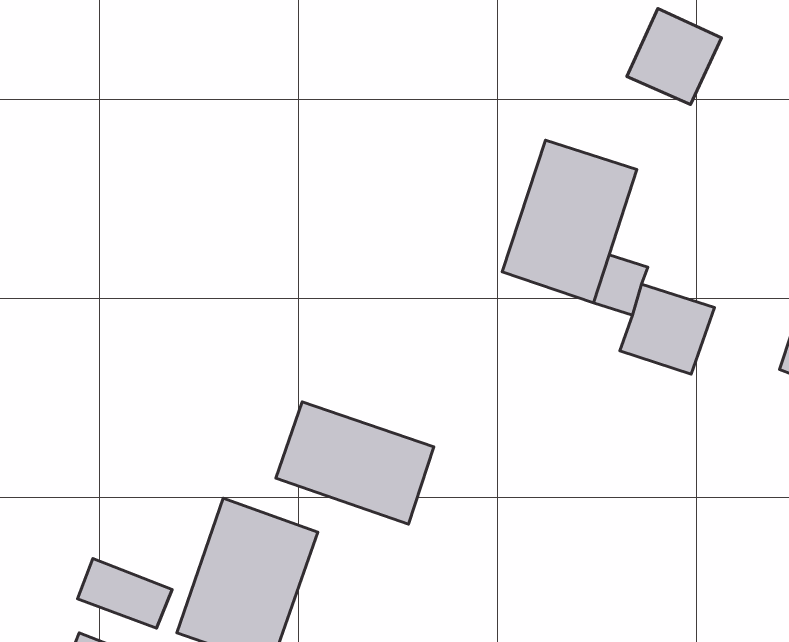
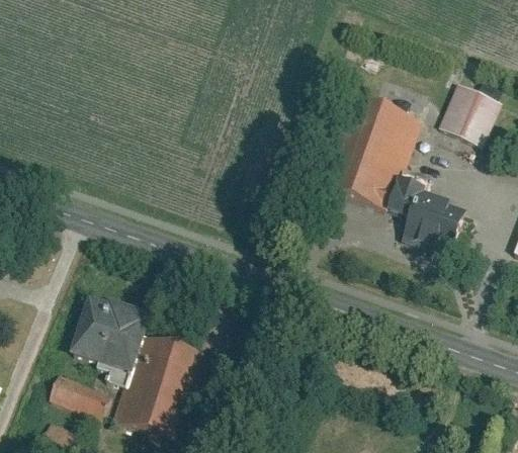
building: [627,8,721,104] -> [441,82,503,145]
building: [276,402,434,524] -> none
building: none -> [68,293,150,373]

